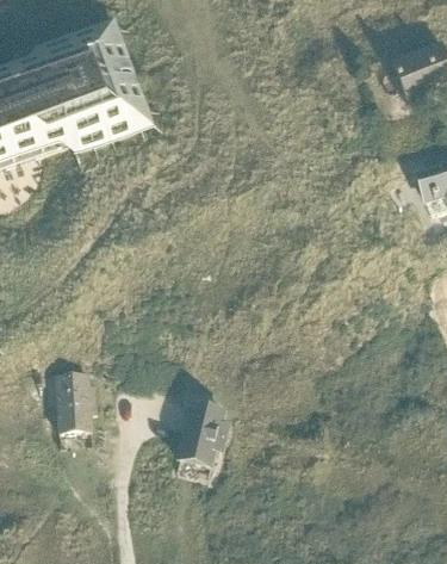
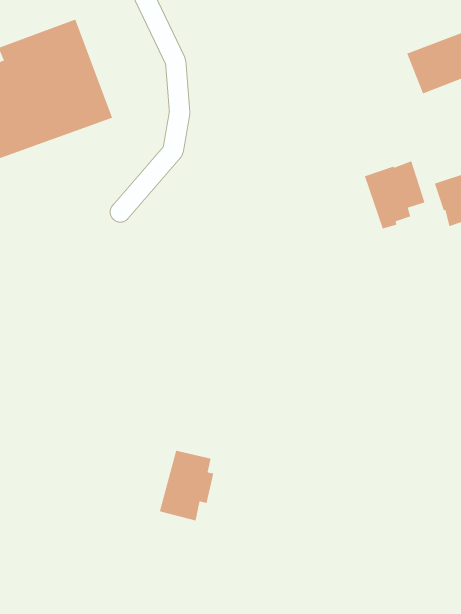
building: none -> [364,160,425,229]
building: [55,373,95,432] -> none

